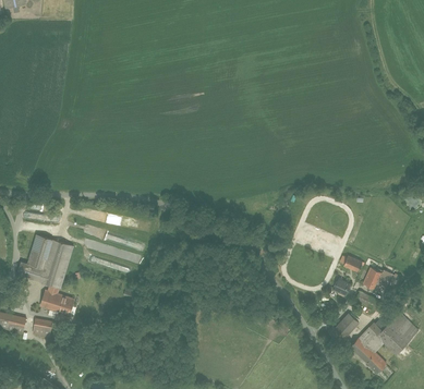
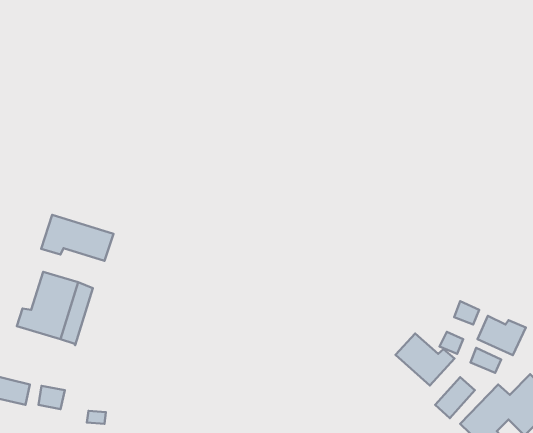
building: none -> [41,215,113,261]
building: none -> [395,333,454,385]
building: [43,289,75,314] -> none

